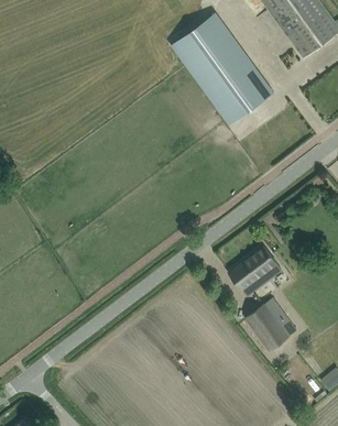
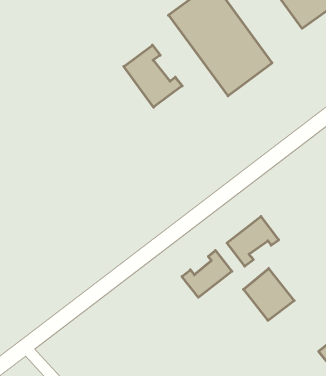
building: none -> [124,45,182,107]
building: none -> [182,250,232,297]

